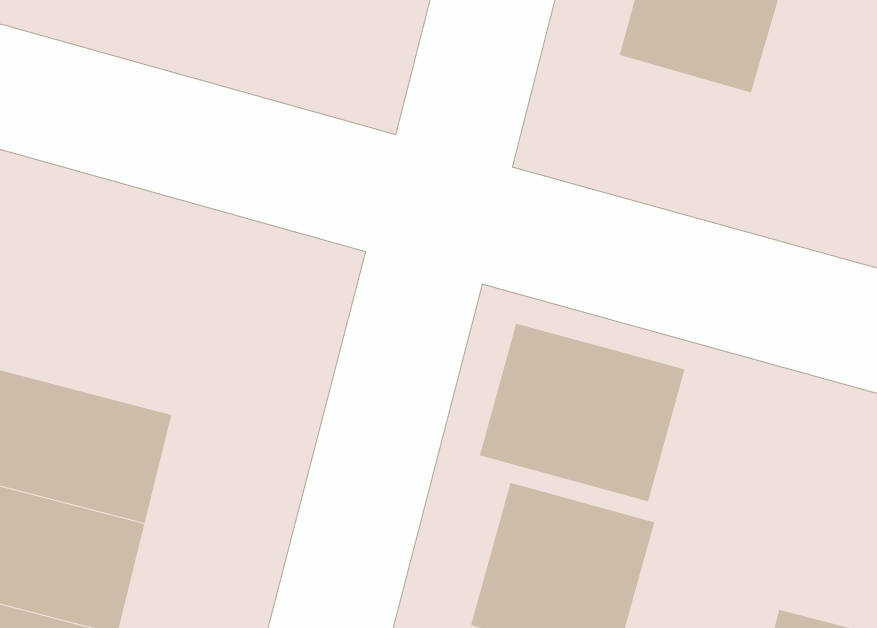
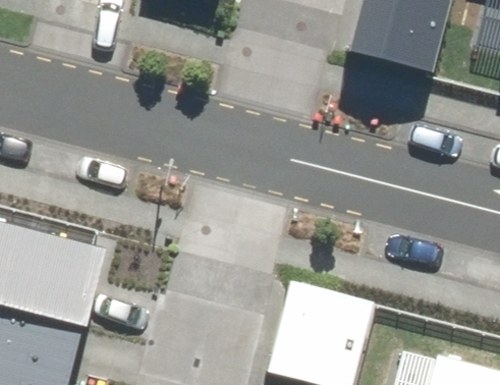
building: [479,323,685,502] -> none

